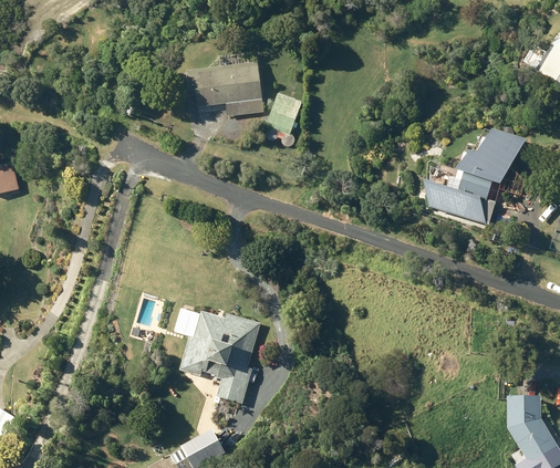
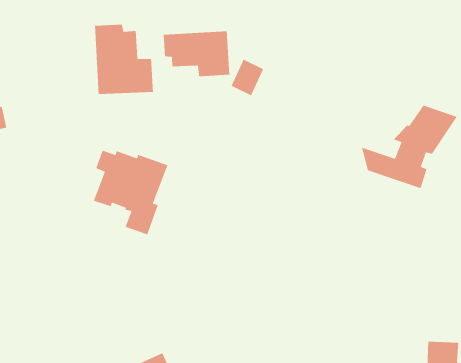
building: none -> [94,24,154,95]
building: [178,310,260,403] -> [93,149,169,236]

